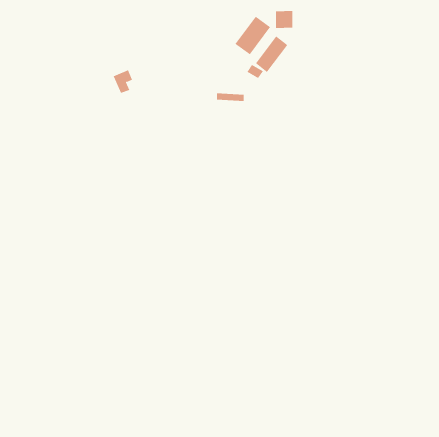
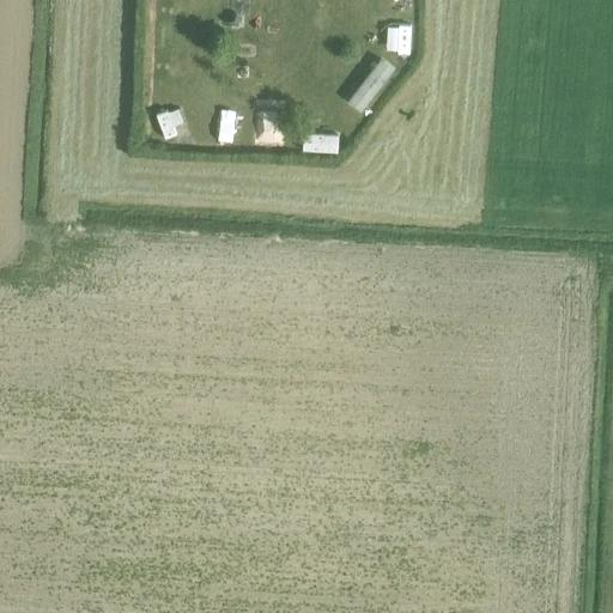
building: [235,16,271,55] -> none

